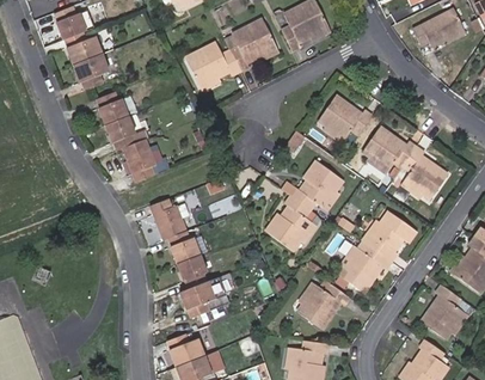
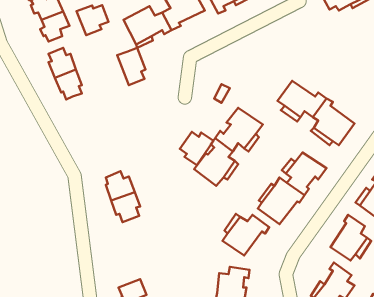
building: none -> [77,5,108,35]
building: [313,97,369,137] -> none
building: [124,137,156,180] -> [117,48,145,85]
building: none -> [180,132,213,165]
building: [145,202,179,240] -> none
building: [176,282,209,318] -> none
building: [165,332,202,366] -> none

